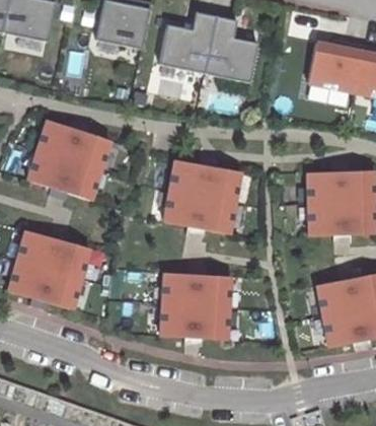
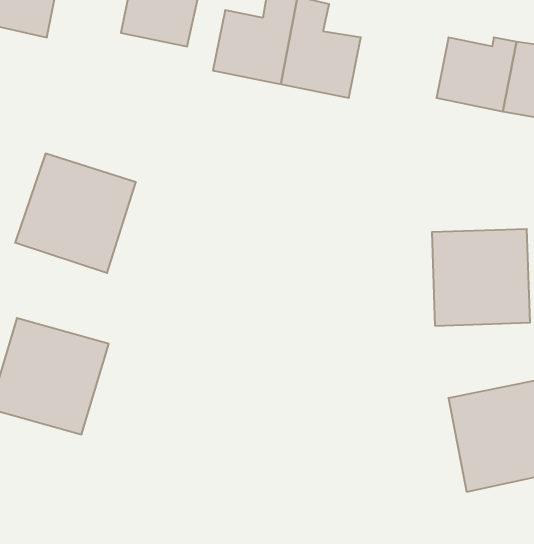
building: [163,159,237,233] -> none
building: [160,272,228,339] -> none

